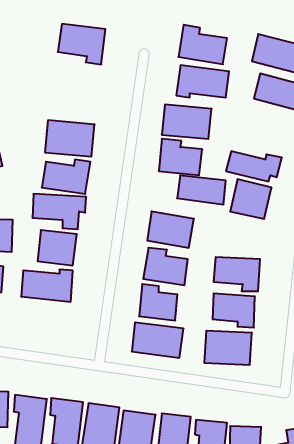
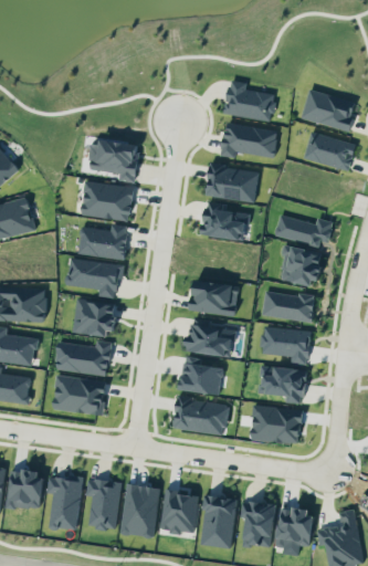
building: [58,24,105,64] -> [88,140,139,184]
building: [177,175,226,204] -> [262,292,314,323]
building: none -> [52,376,107,417]

